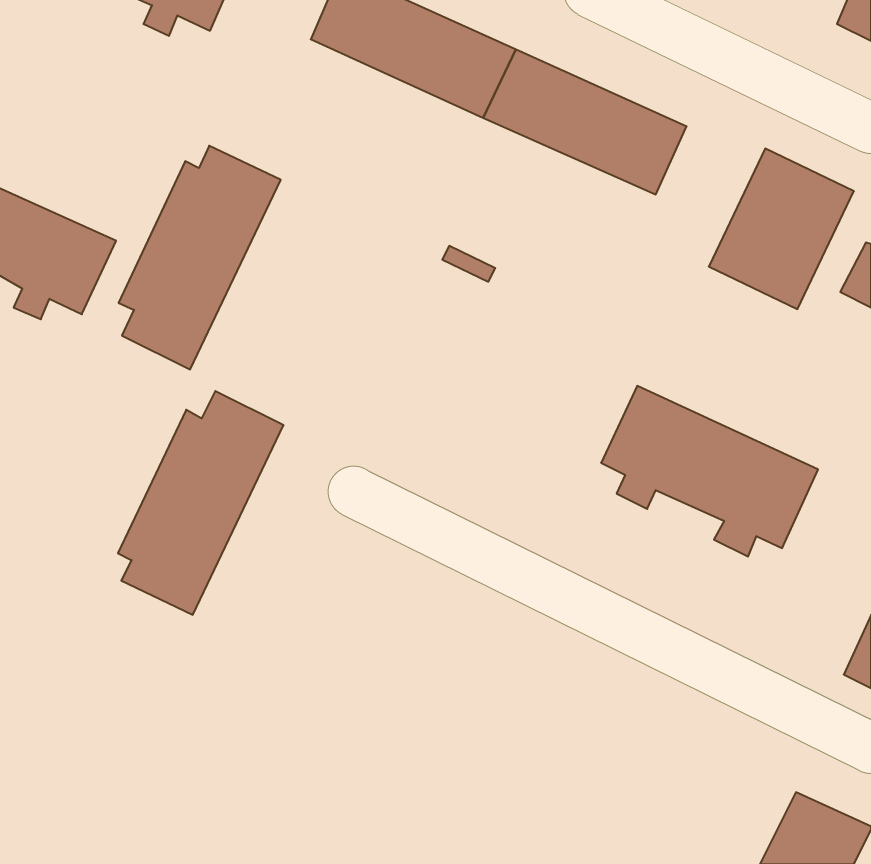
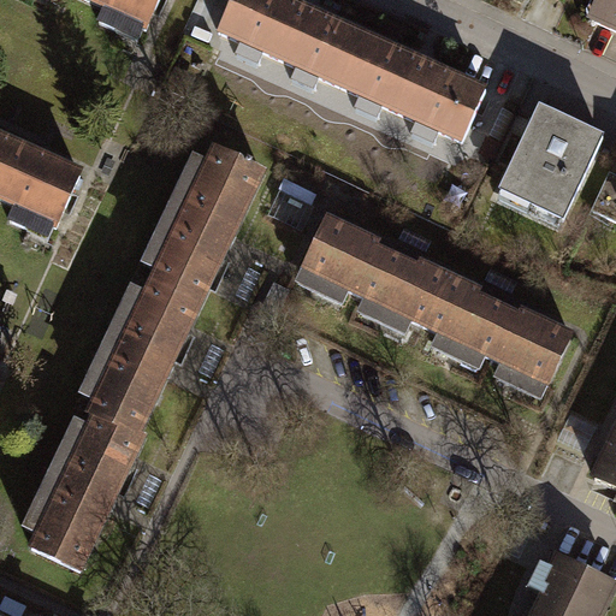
building: [119,146,281,369] -> [149,142,263,300]
building: none -> [296,213,449,331]
building: none -> [25,411,141,569]

